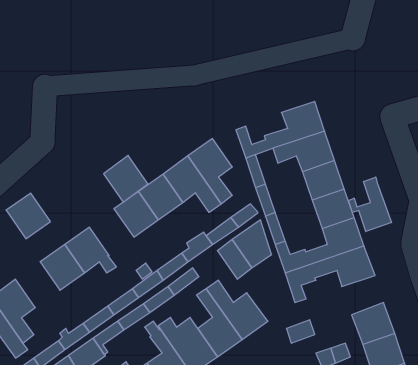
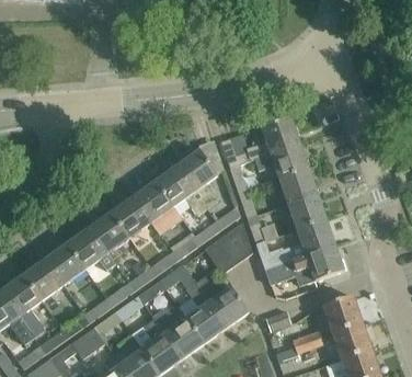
building: [104,155,148,202] -> [90,213,129,254]
building: [348,177,391,232] -> none
building: [6,193,50,239] -> [24,260,64,300]

